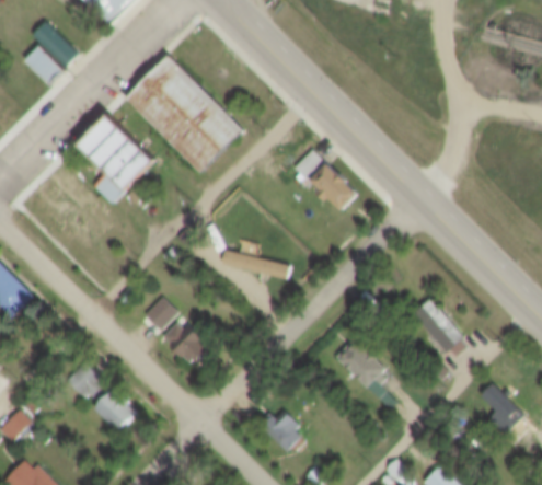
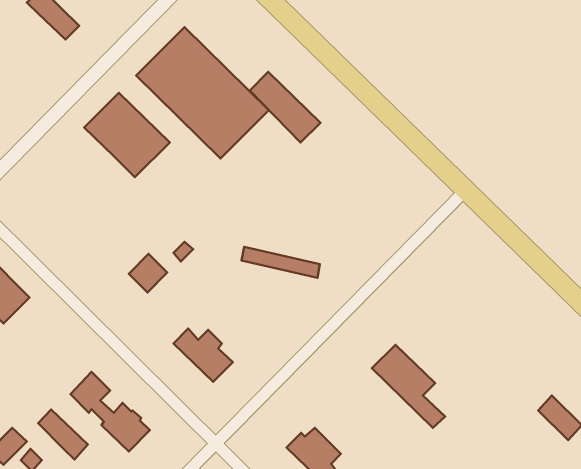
building: [25,44,64,82] -> none
building: [296,148,358,210] -> [250,72,320,143]
building: [92,170,125,204] -> none
building: [141,297,175,331] -> [129,254,167,292]
building: [415,297,465,356] -> none
building: none -> [38,410,88,459]

